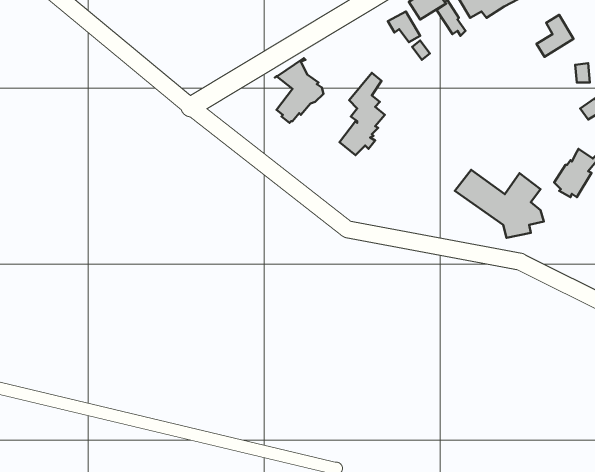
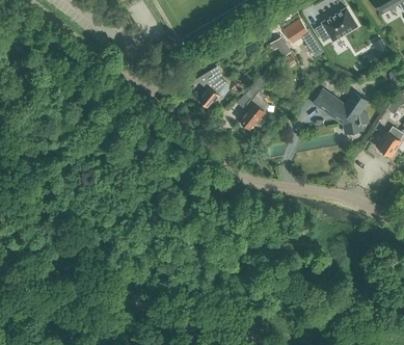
building: [455,170,544,238] -> [312,88,369,132]

